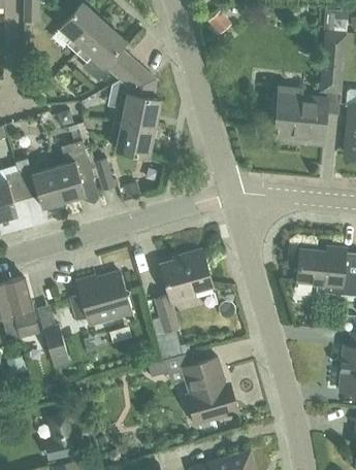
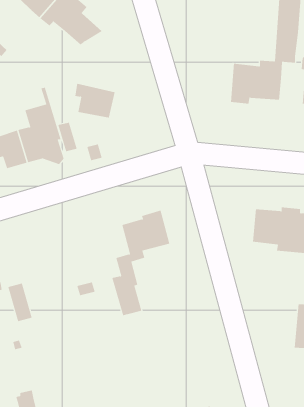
building: [114,65,159,128] -> none
building: [68,270,131,322] -> none
building: [147,351,238,423] -> none

